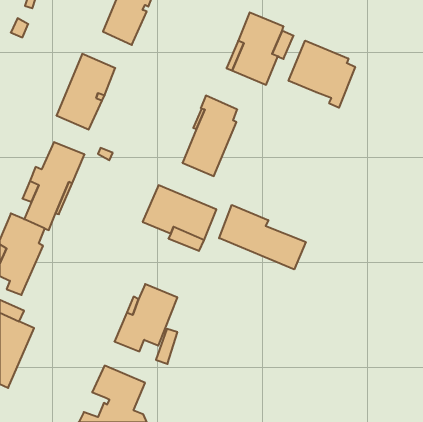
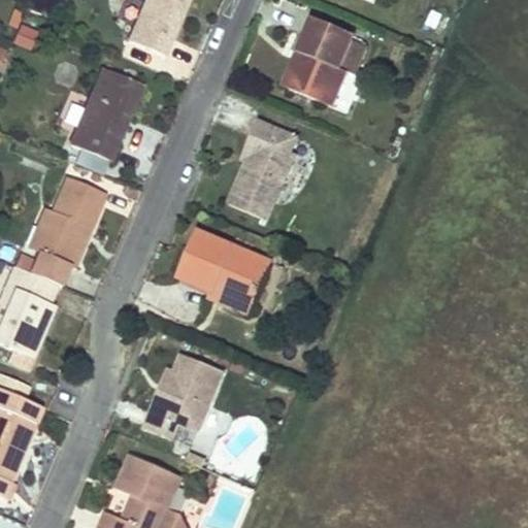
building: [289,41,355,108] -> none
building: [219,205,306,269] -> none

